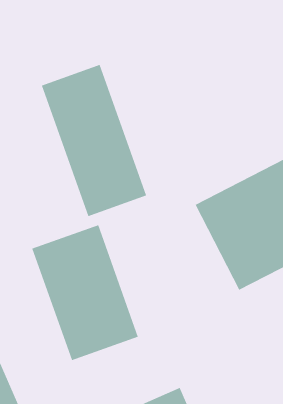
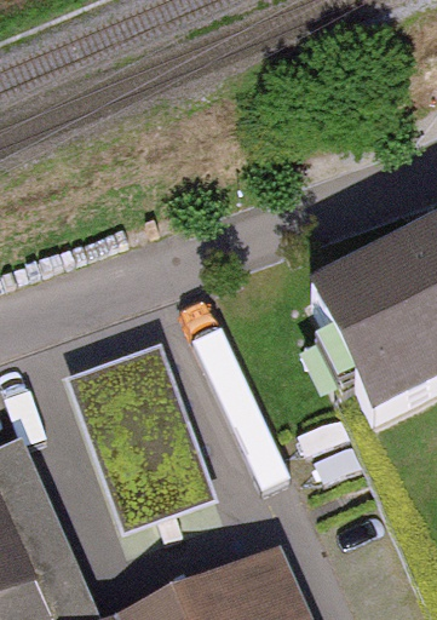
building: [41,64,147,217] -> none

